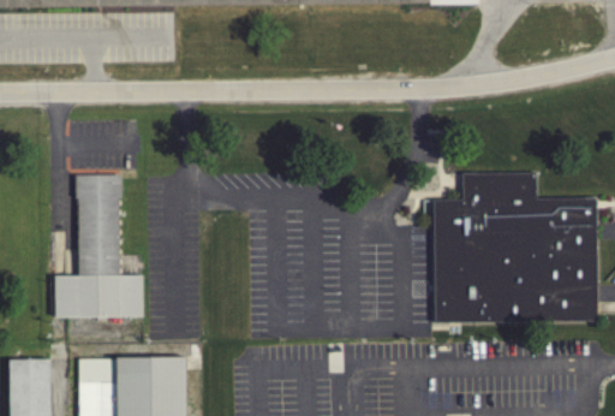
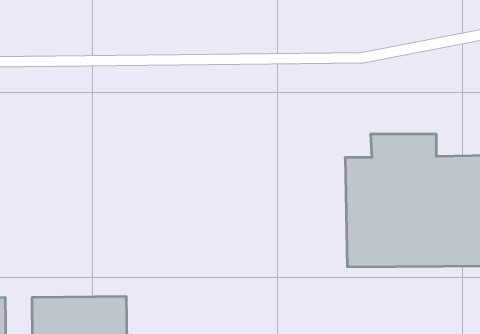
building: [53,179,142,322] -> none

